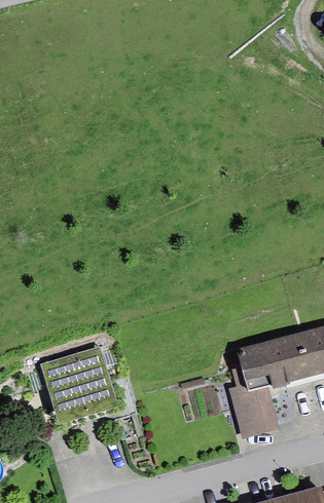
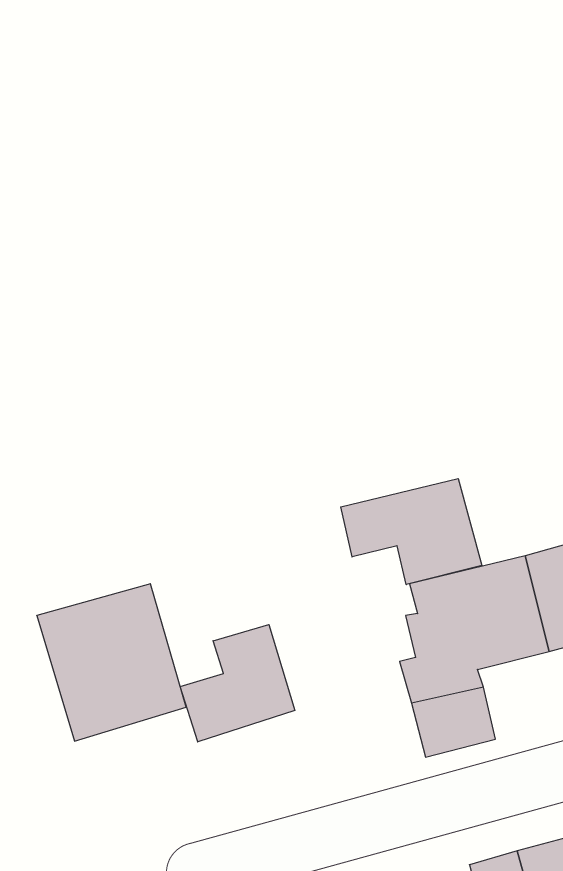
building: none -> [341,479,482,585]
building: none -> [180,625,295,742]

